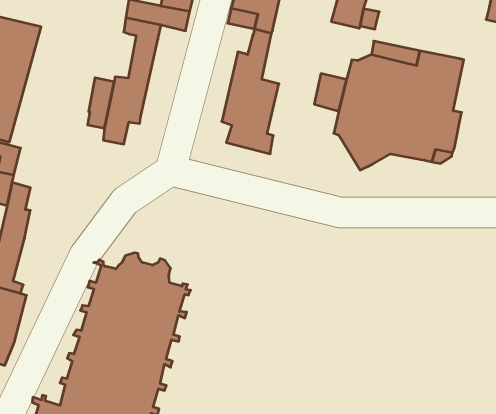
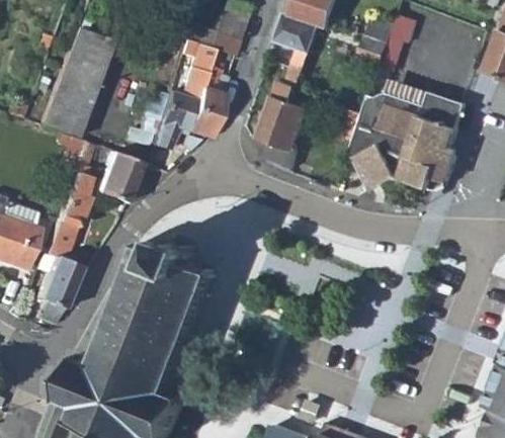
building: none -> [186,61,226,137]
building: none -> [94,151,139,202]

